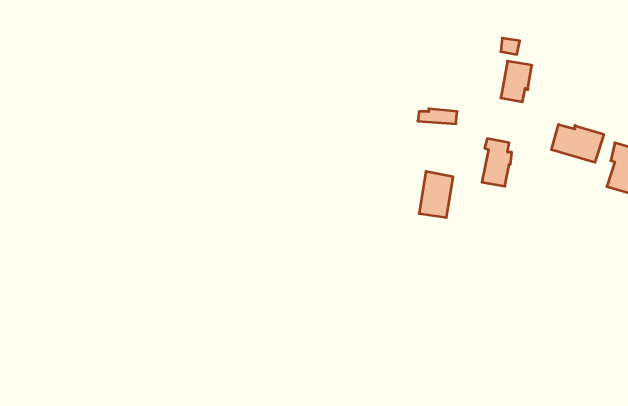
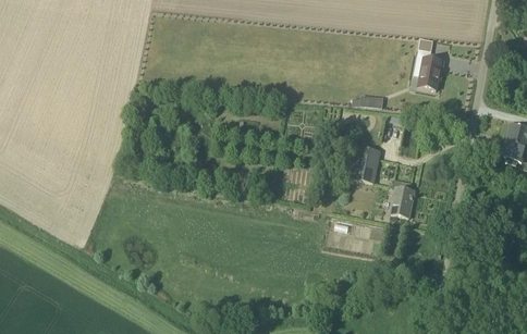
building: [551,124,604,162] -> none
building: [482,139,512,186] -> [390,178,414,217]

